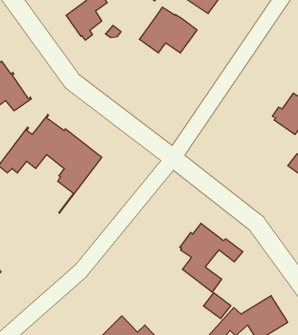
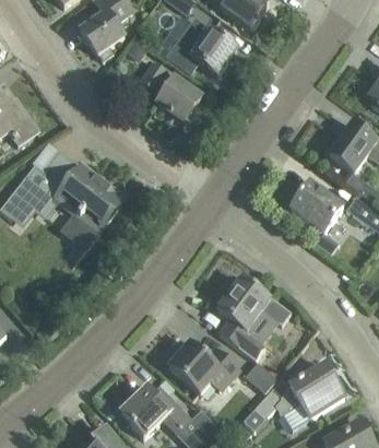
building: none -> [141,62,201,121]
building: none -> [289,181,342,232]
building: none -> [167,342,239,393]

